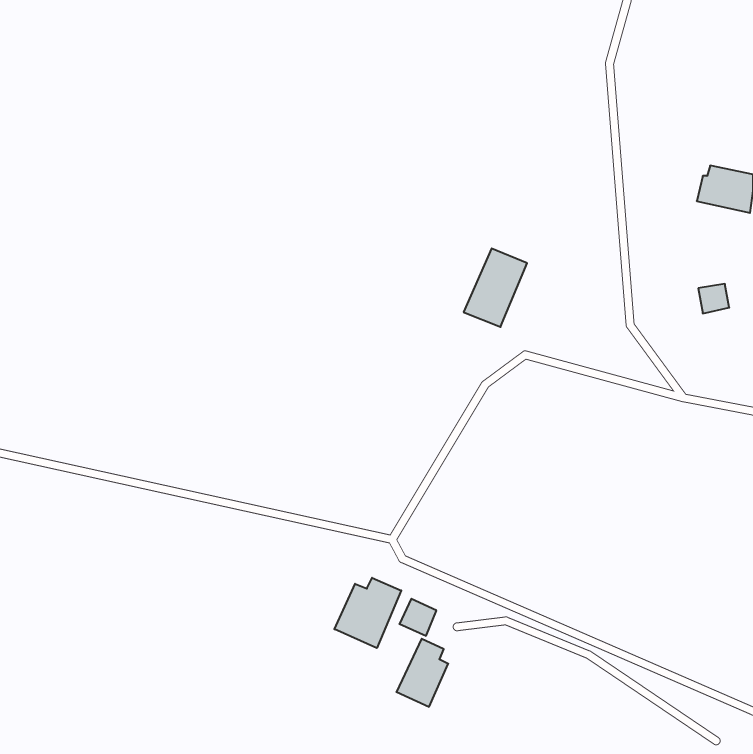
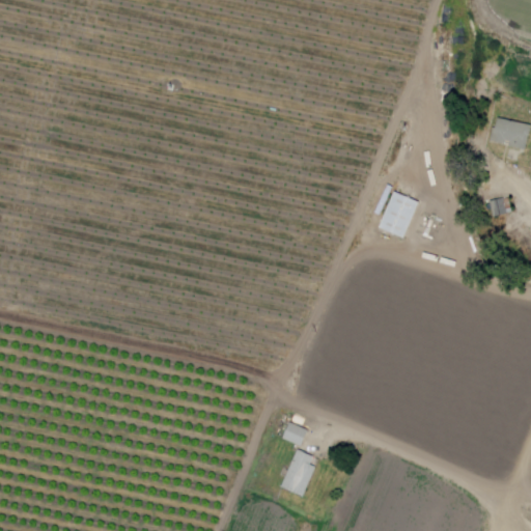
building: [464,248,527,327] -> [376,184,421,239]
building: [334,578,401,648] -> none

